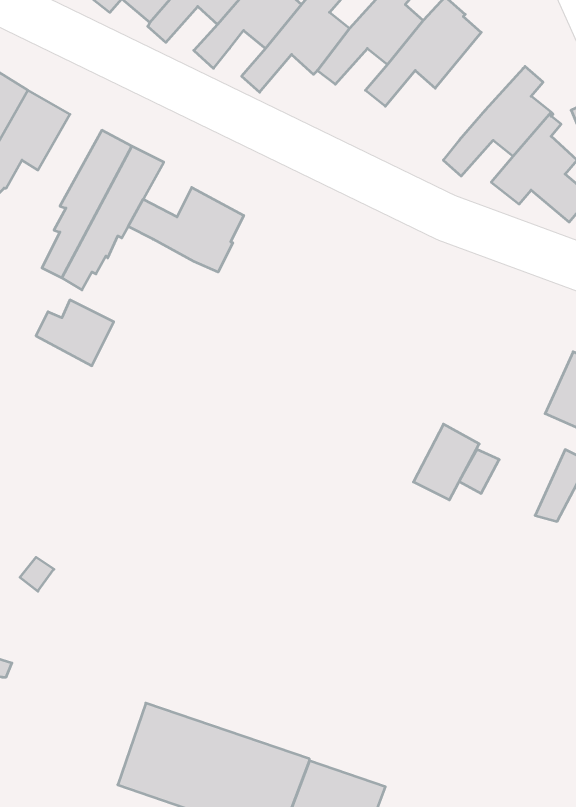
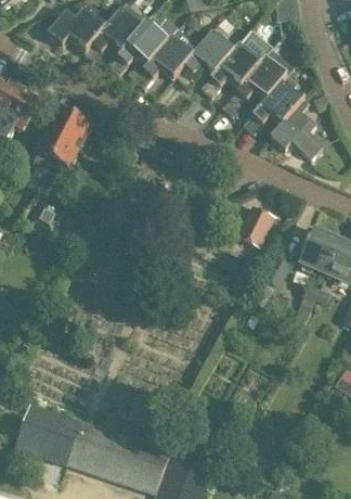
building: none -> [221,48,295,115]
building: [128,187,244,272] -> none
building: [413,424,479,500] -> [239,205,275,246]
building: none -> [15,401,82,464]

